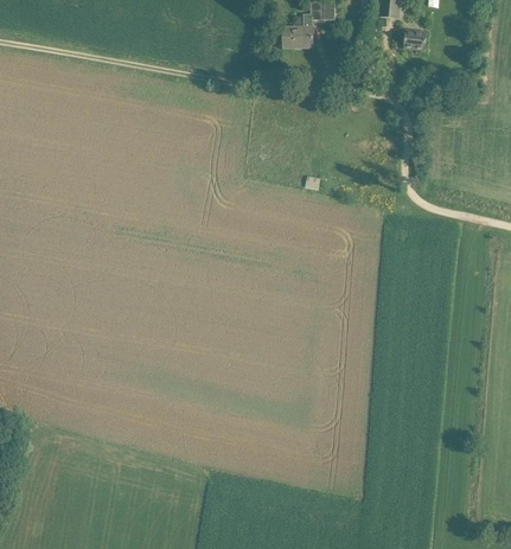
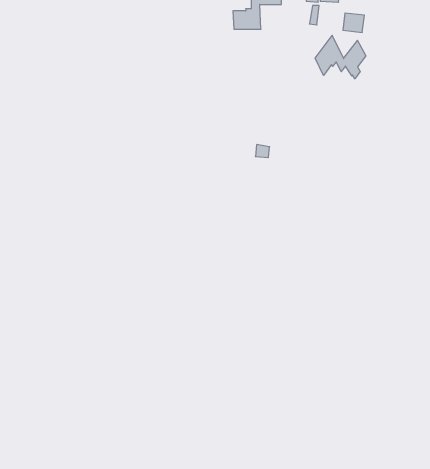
building: none -> [315,35,366,79]

